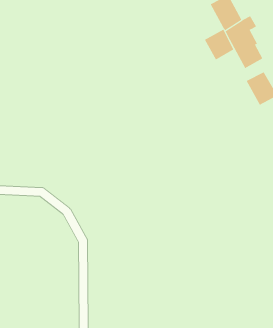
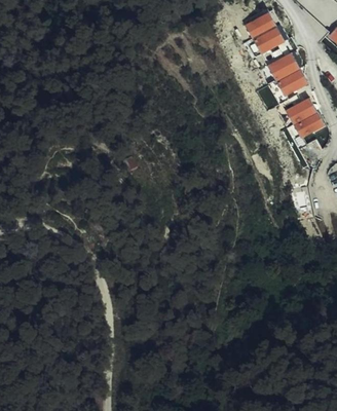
building: [204,29,234,61] -> none

